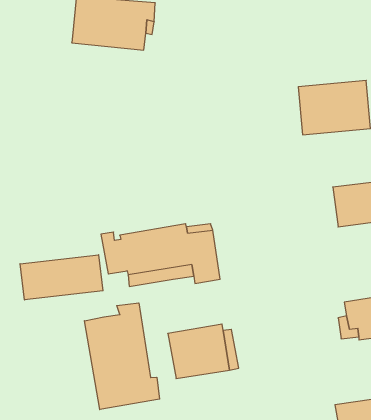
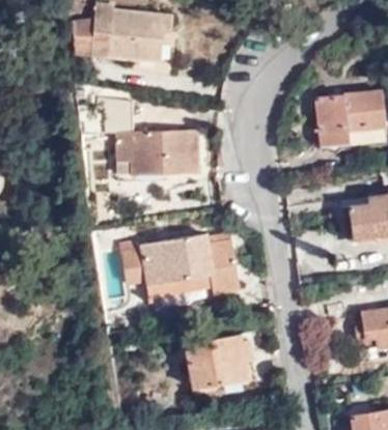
building: none -> [102,96,197,176]
building: [20,255,103,300] -> none
building: [84,303,160,410] -> none

